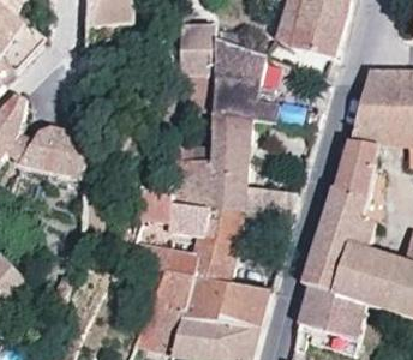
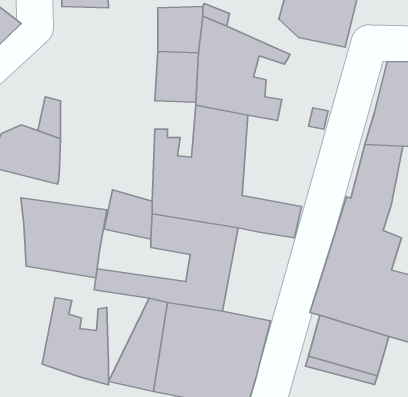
building: none -> [21,198,107,278]
building: none -> [42,297,108,385]

